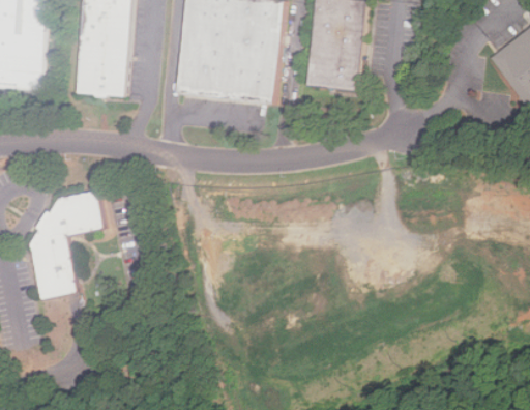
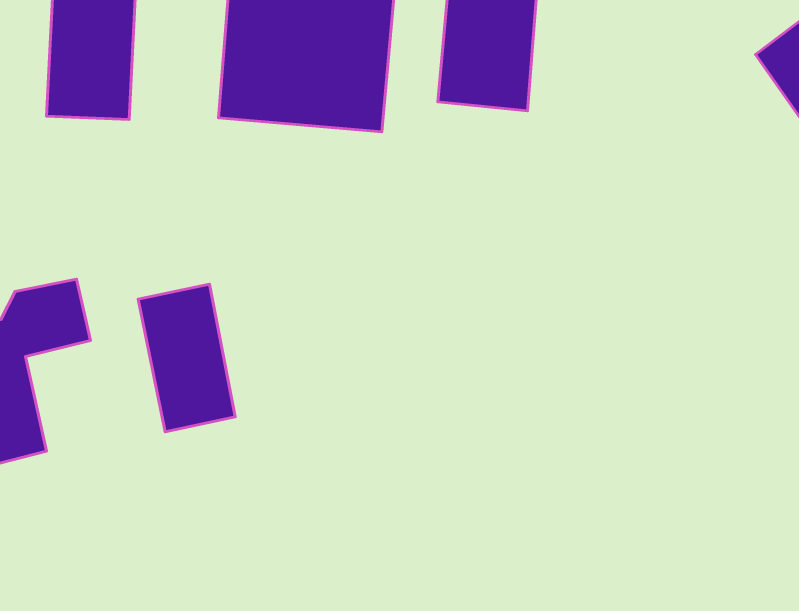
building: none -> [138,284,235,432]

